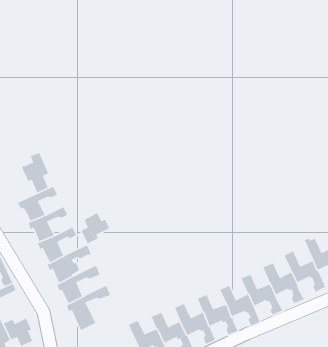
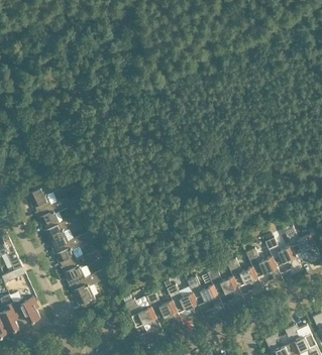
building: [21,152,49,193] -> none
building: [81,212,110,244] -> none

